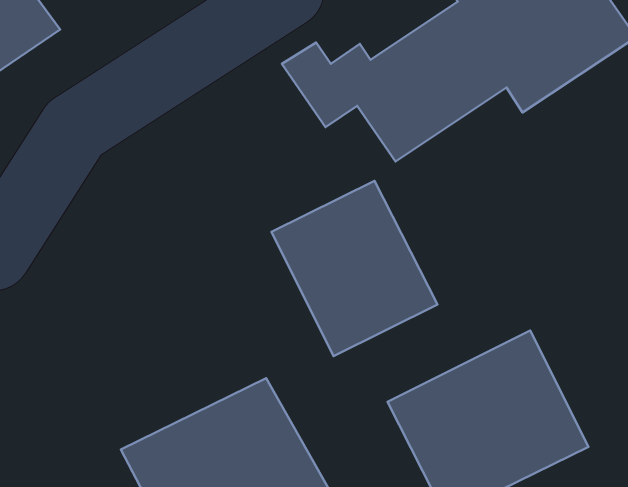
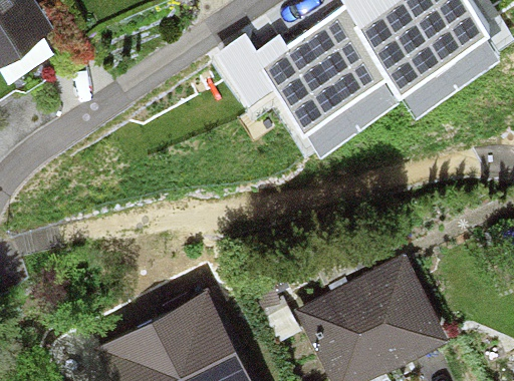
building: [271,181,437,356] -> none

